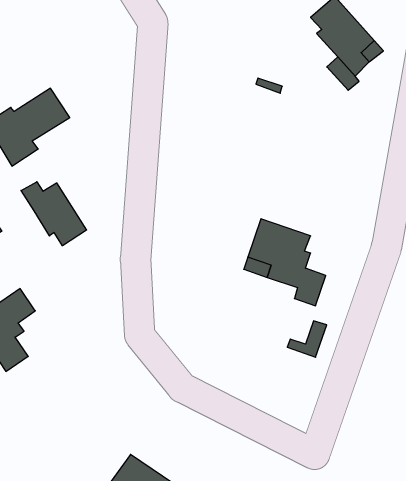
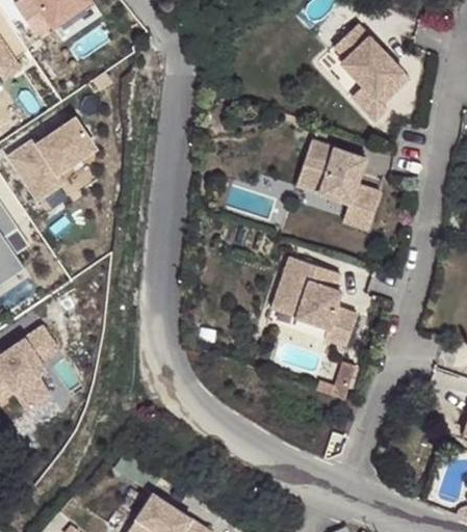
building: none -> [297,137,381,228]
building: [21,182,87,246] -> none

